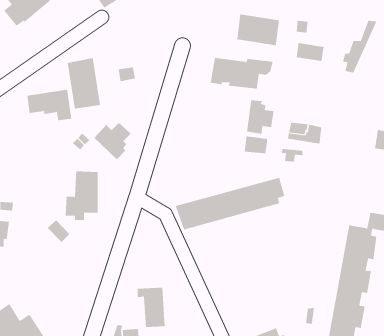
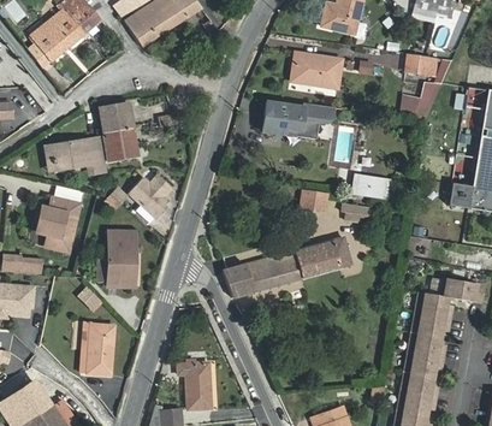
building: [296,43,324,62] -> [405,53,438,75]
building: [246,99,274,134] -> none
building: none -> [38,199,81,253]
building: none -> [82,324,114,374]

